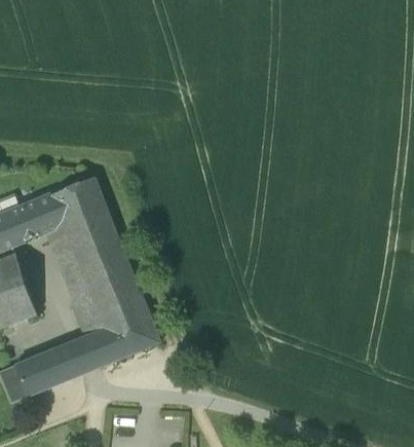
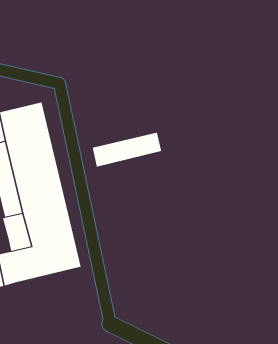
building: none -> [92,132,162,167]

